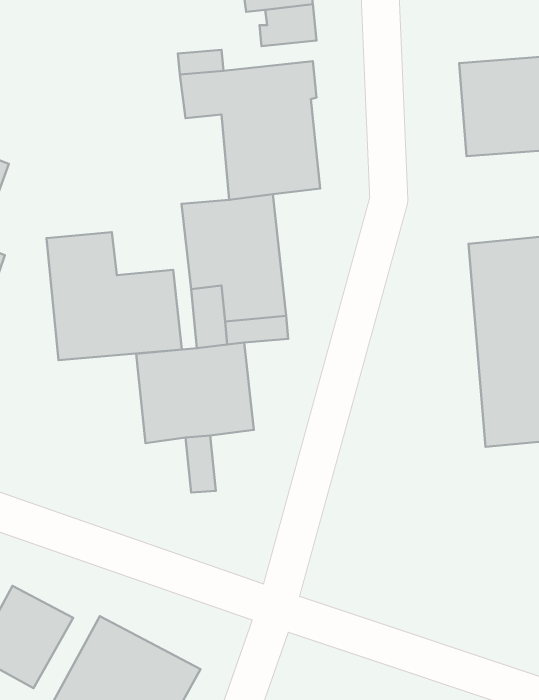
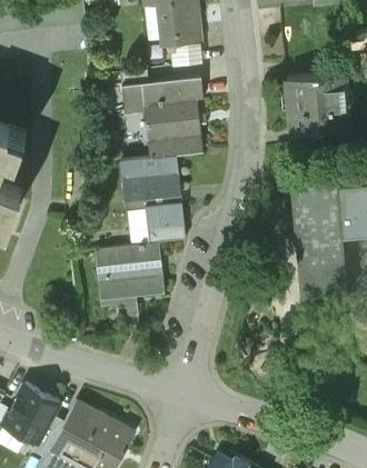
building: [47,232,182,360] -> none

